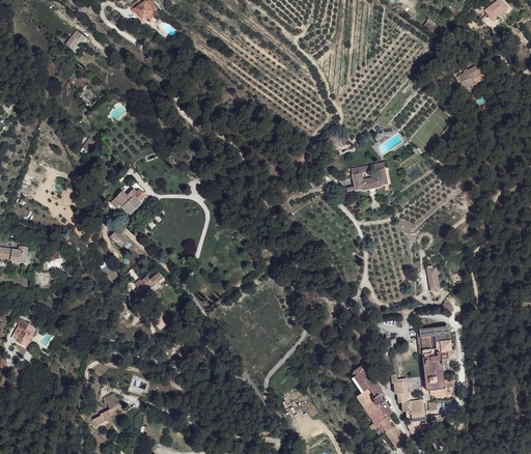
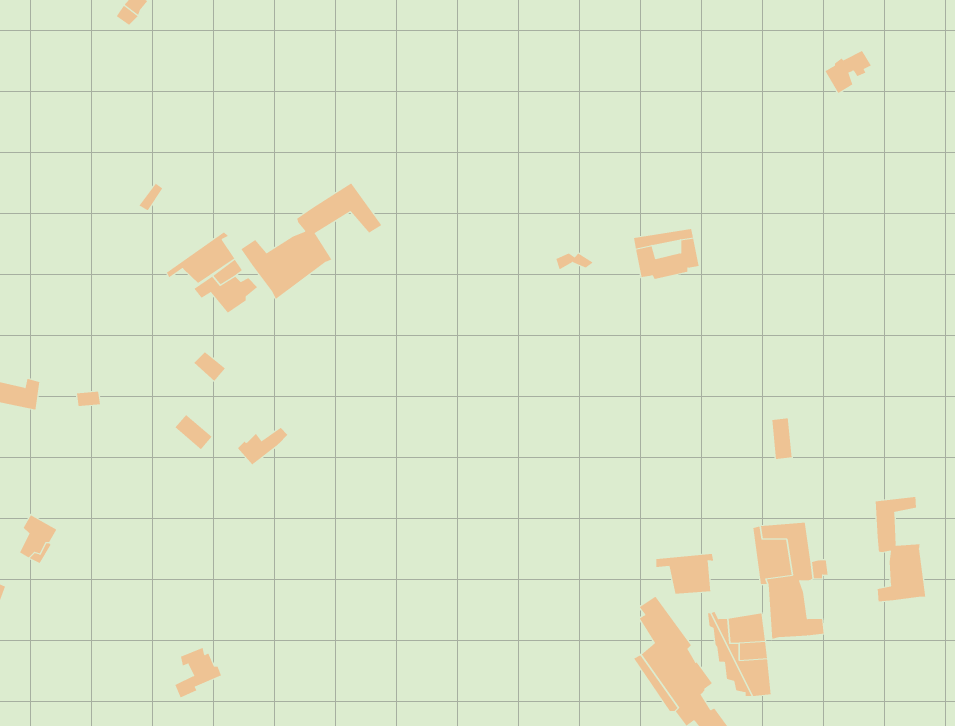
building: none -> [241,183,382,300]
building: none -> [166,232,235,284]
building: none -> [875,496,926,602]
building: none -> [656,553,714,594]

